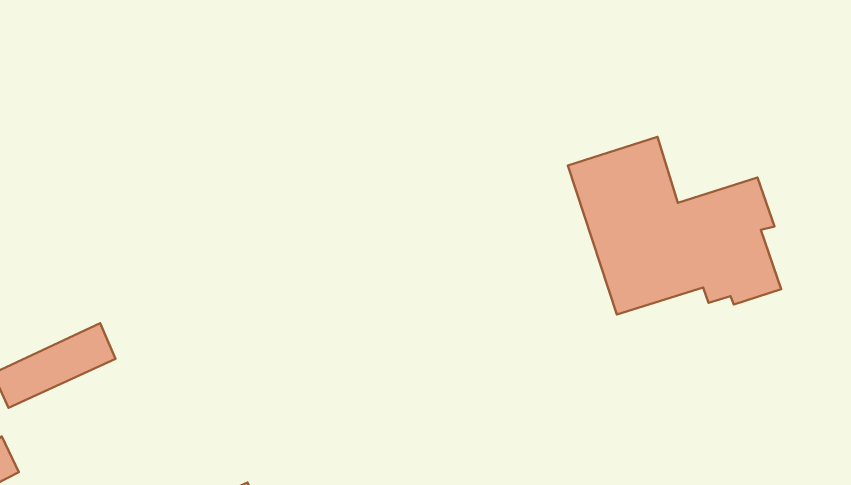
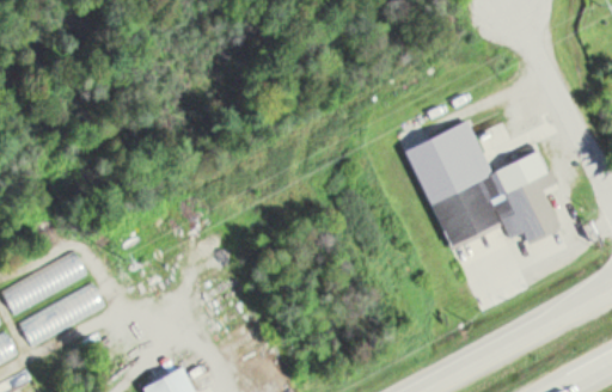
building: none -> [20,283,106,345]

